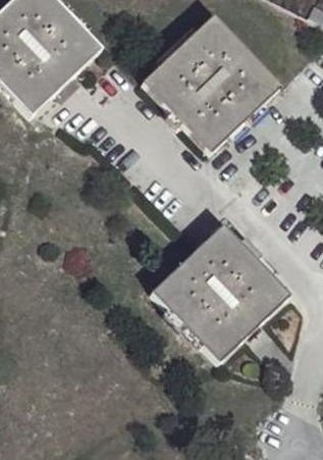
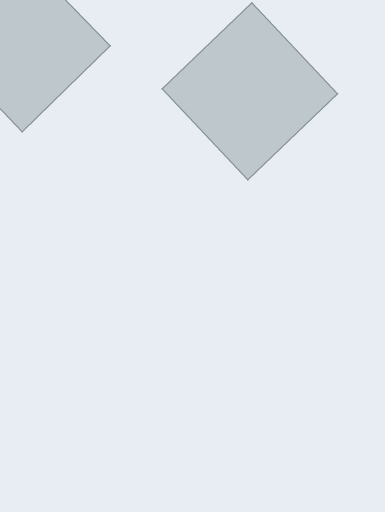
building: [151,225,288,363] -> none

